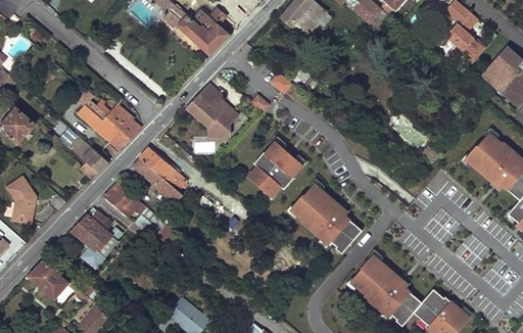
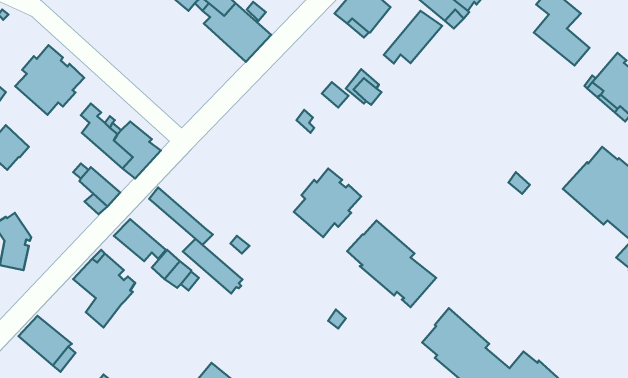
building: none -> [384,11,442,63]
building: none -> [15,45,84,115]
building: [186,84,237,136] -> none
building: [139,147,187,191] -> [183,239,243,293]

